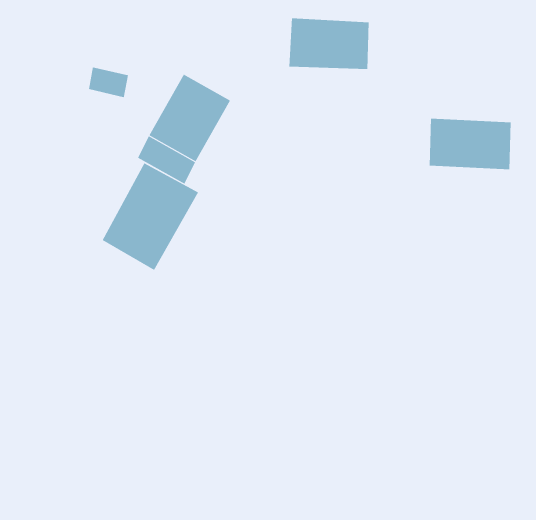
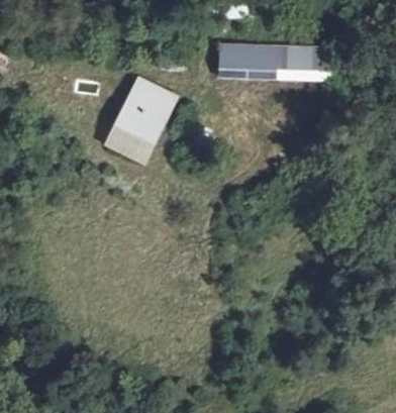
building: [429,118,511,170] -> [274,44,333,82]
building: [102,162,199,271] -> none

